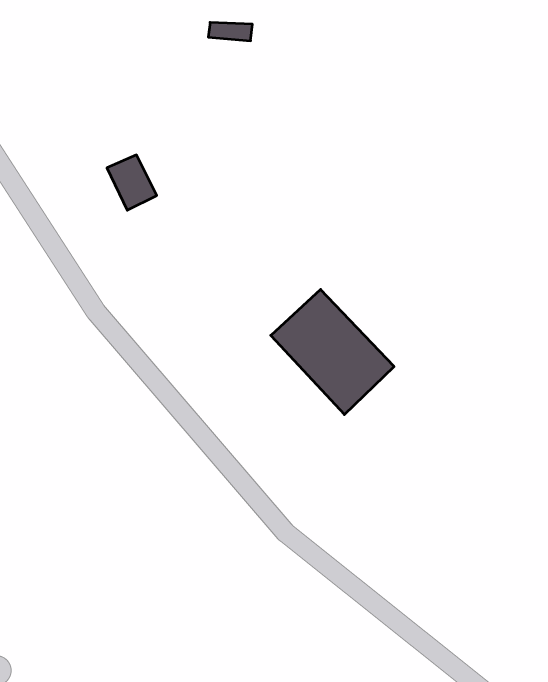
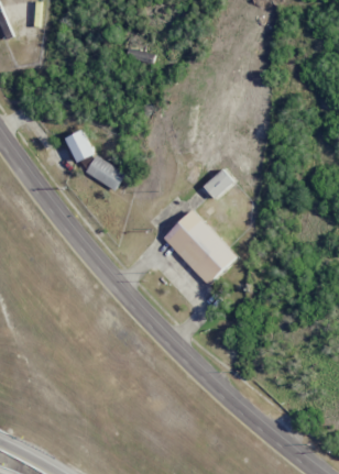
building: none -> [85,156,125,190]
building: none -> [203,168,233,199]

